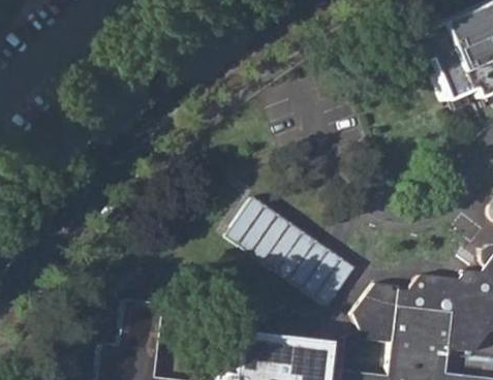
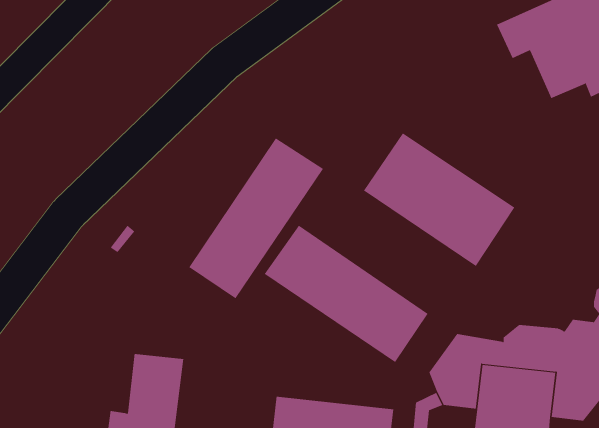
building: none -> [363,132,515,267]
building: none -> [189,137,324,299]

